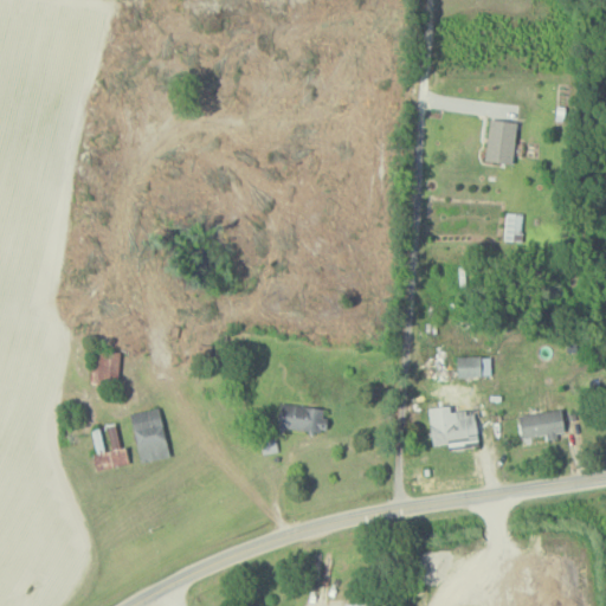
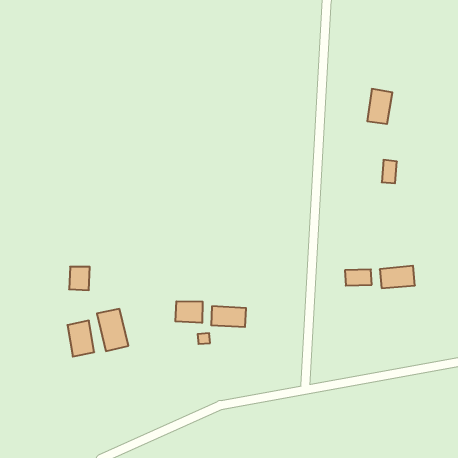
building: none -> [175,301,203,323]
building: [428,406,478,447] -> none
building: [518,410,565,439] -> [380,266,415,288]

